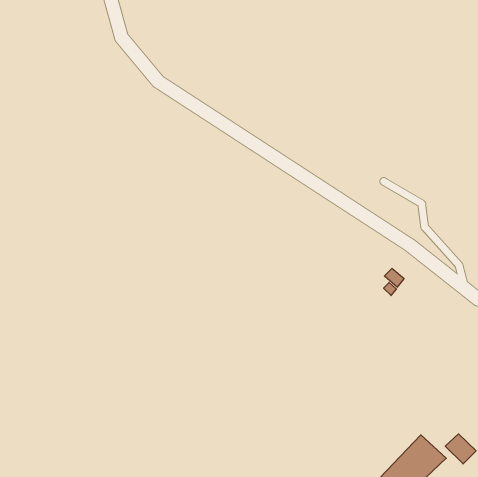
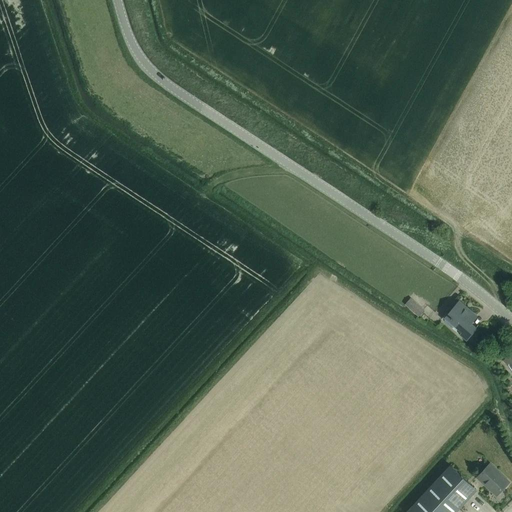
building: none -> [444,303,476,340]

